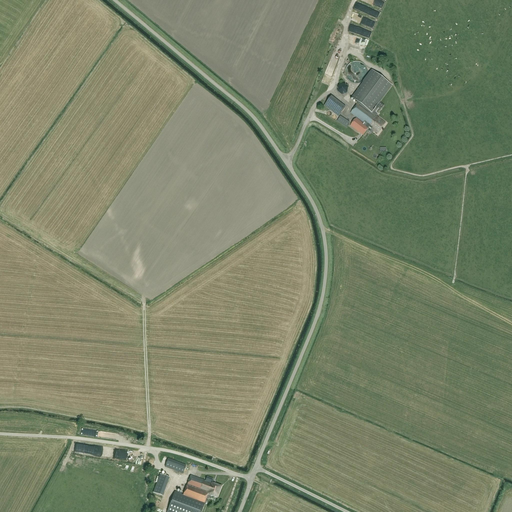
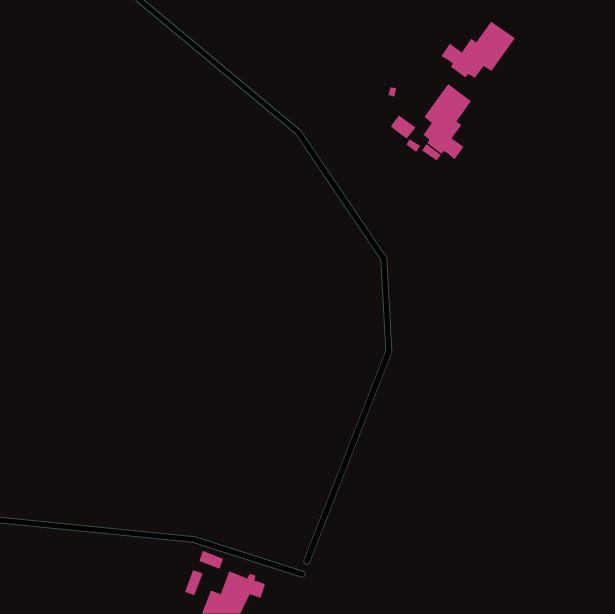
building: none -> [440,21,516,79]

